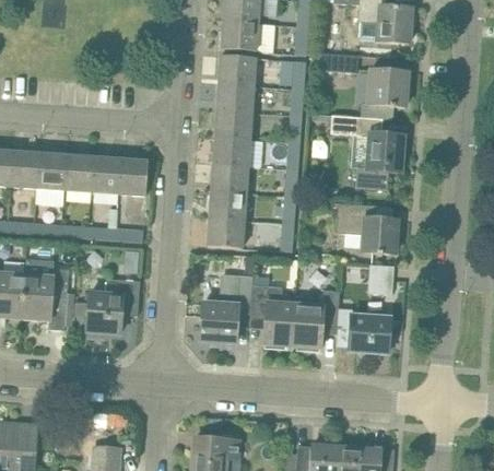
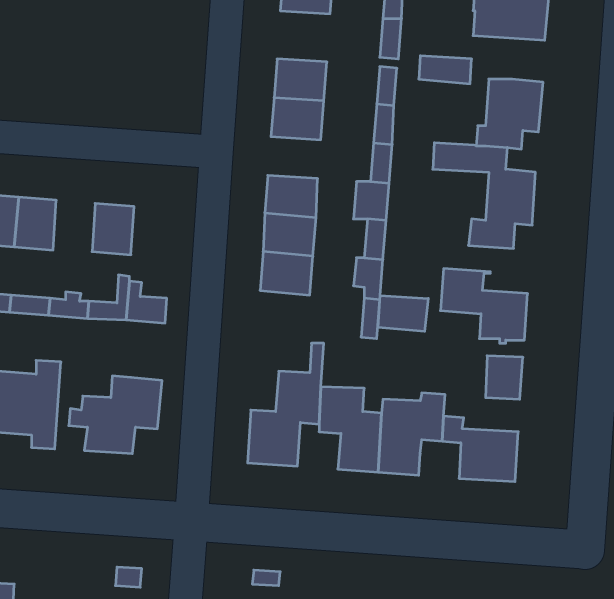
building: [221,21,258,50] -> none
building: [214,109,251,139] -> none
building: [63,154,93,190] -> none
building: [118,158,148,195] -> none
building: [207,217,244,248] -> none
building: none -> [378,296,428,331]

